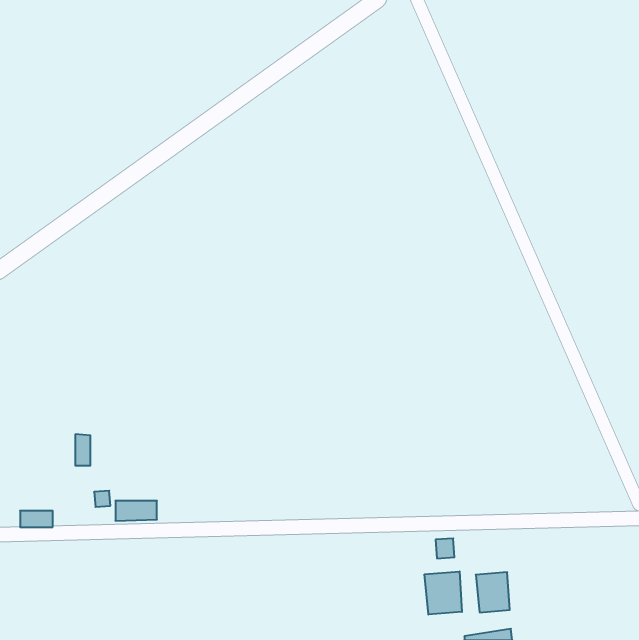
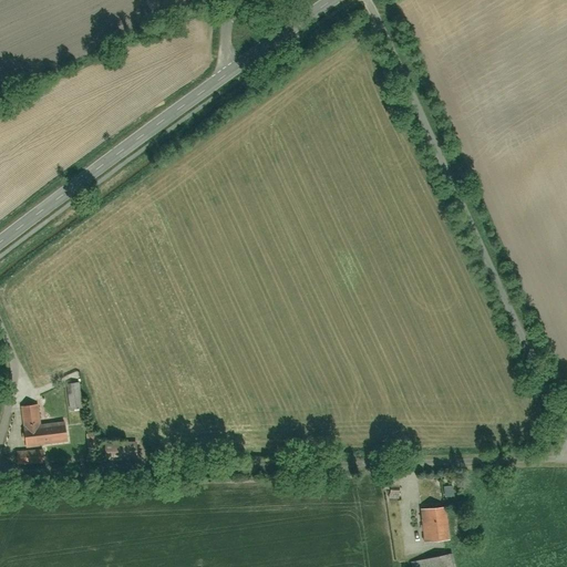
building: none -> [22,404,68,447]
building: [425,571,462,615] -> none

